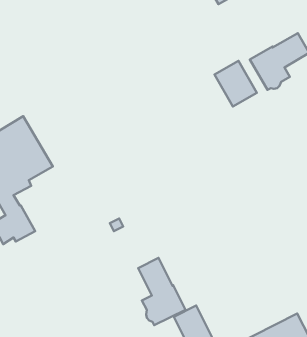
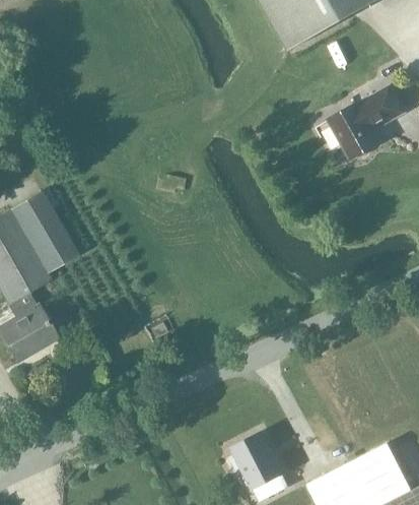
building: [215,61,257,107] -> none
building: [138,258,185,325] -> none

